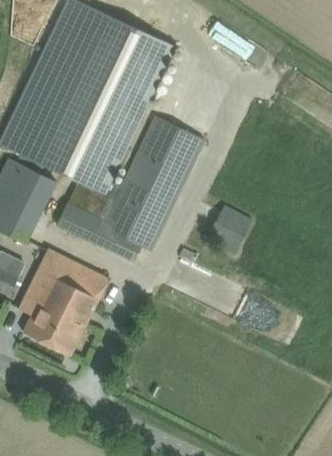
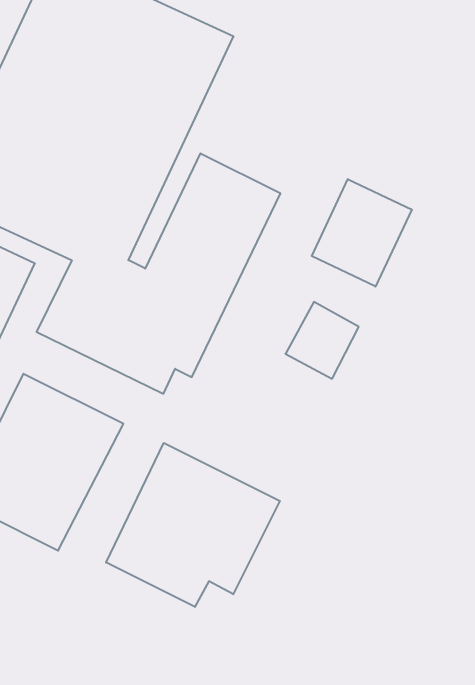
building: none -> [312,179,412,287]
building: none -> [106,443,280,607]

